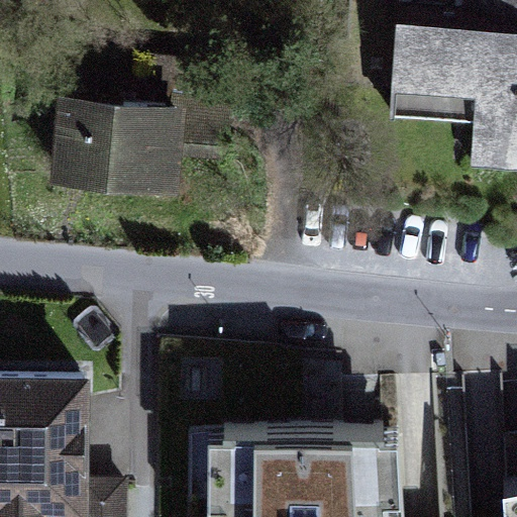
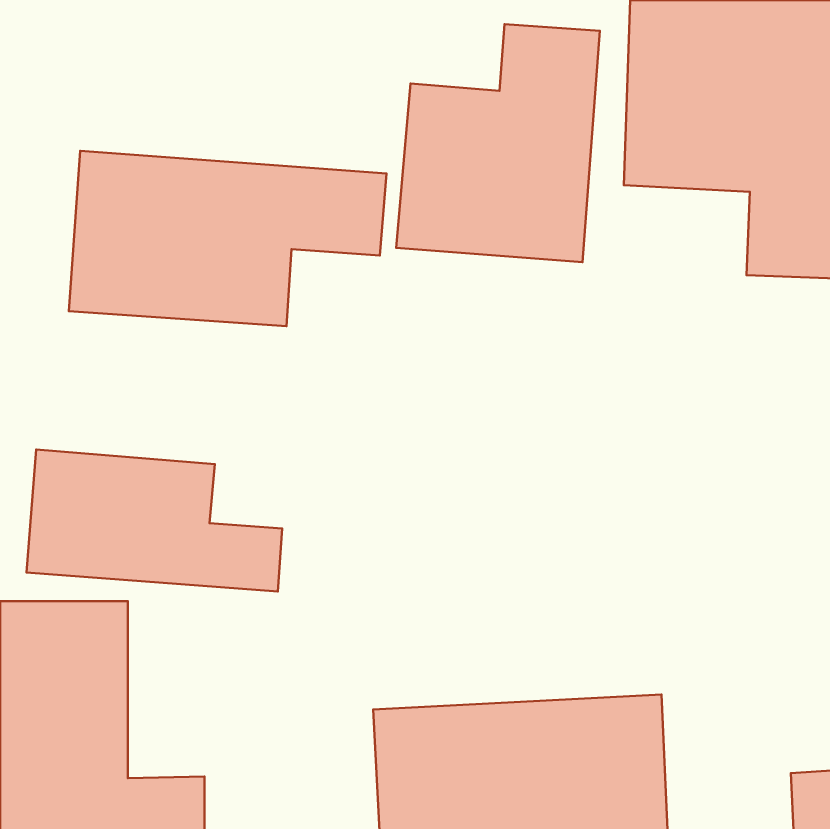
building: none -> [396,24,600,262]
building: none -> [27,450,282,591]

